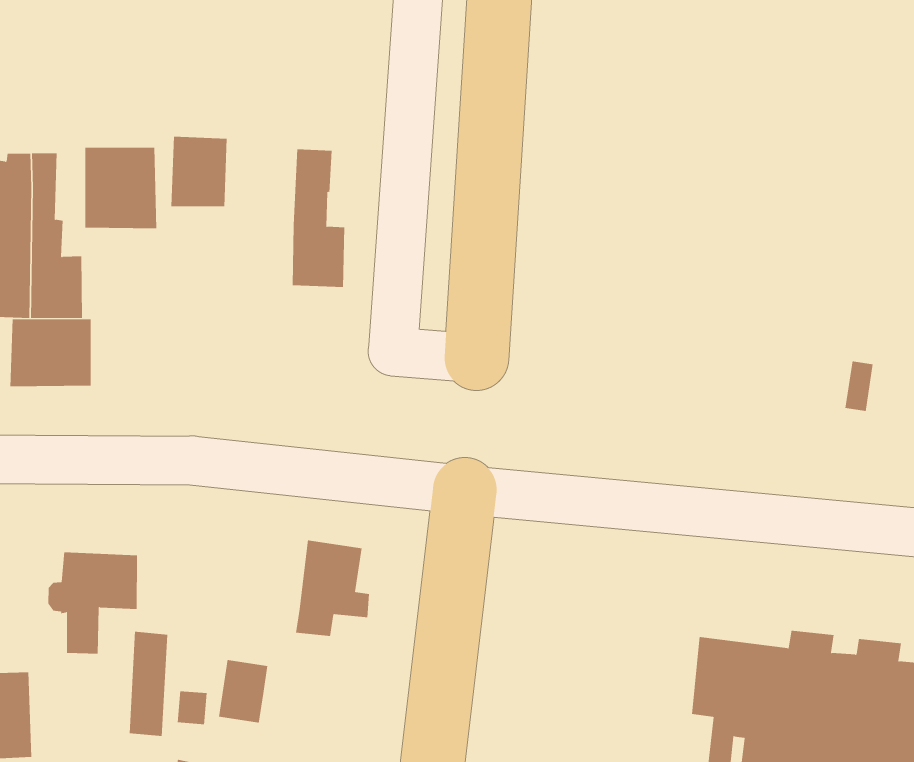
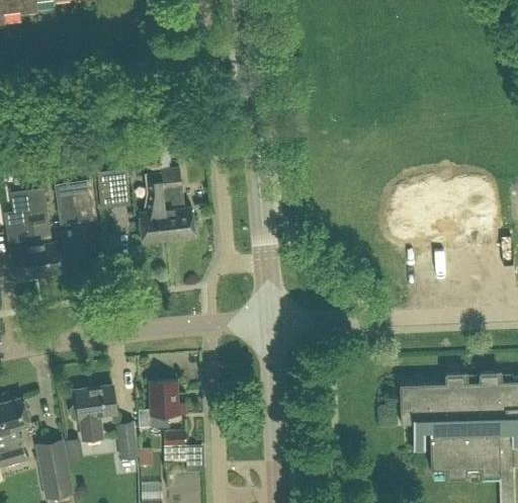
building: none -> [139,170,169,242]
building: [10,318,91,387] -> none
building: [295,540,370,636] -> [150,381,186,428]

